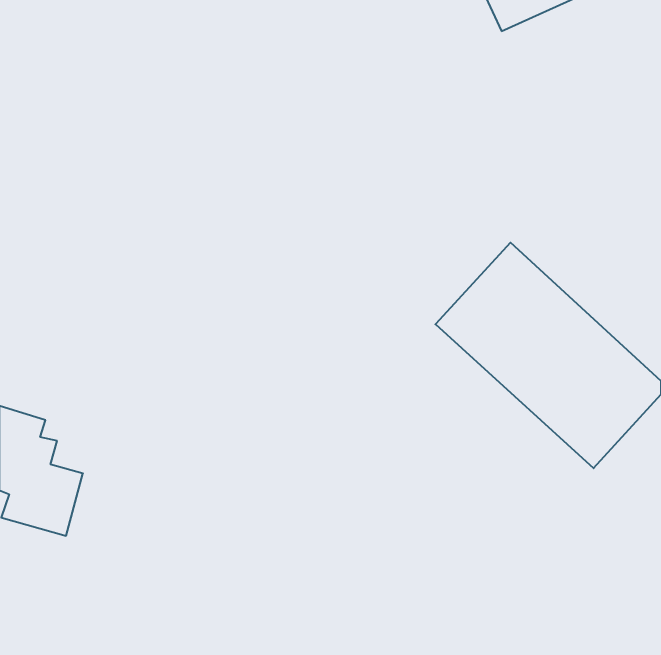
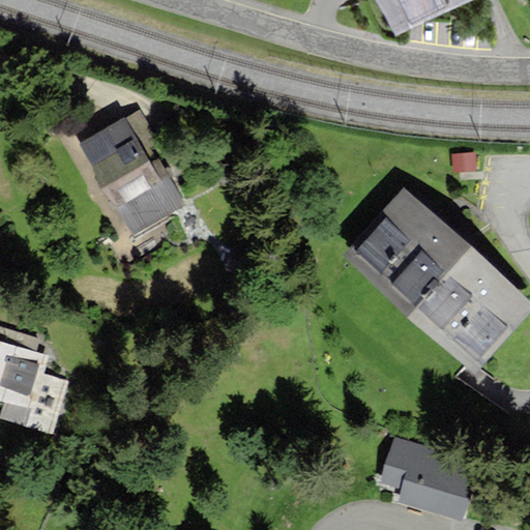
building: none -> [84,112,182,227]
building: none -> [383,437,465,509]

